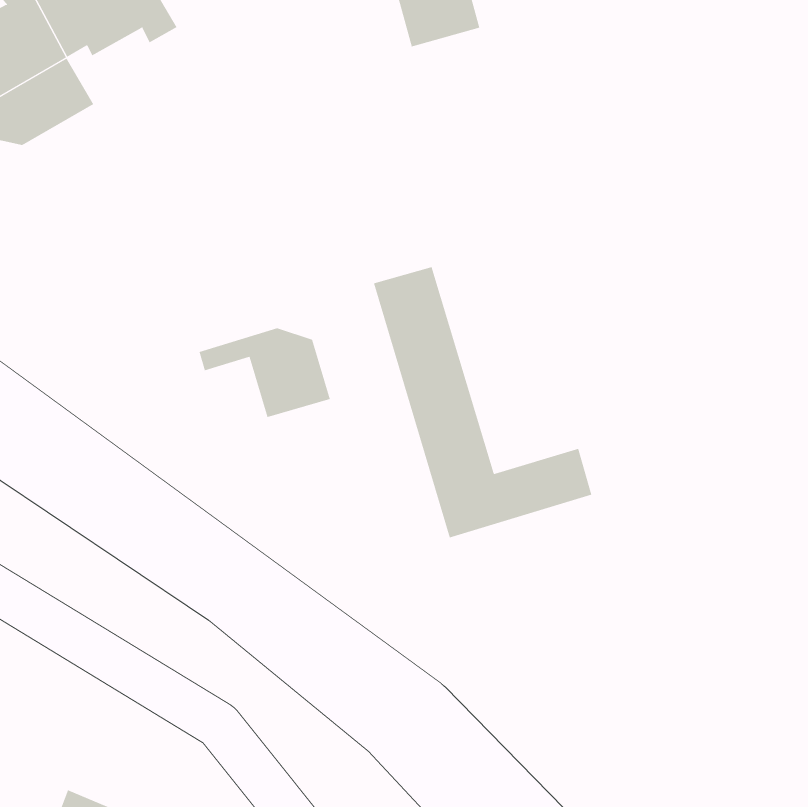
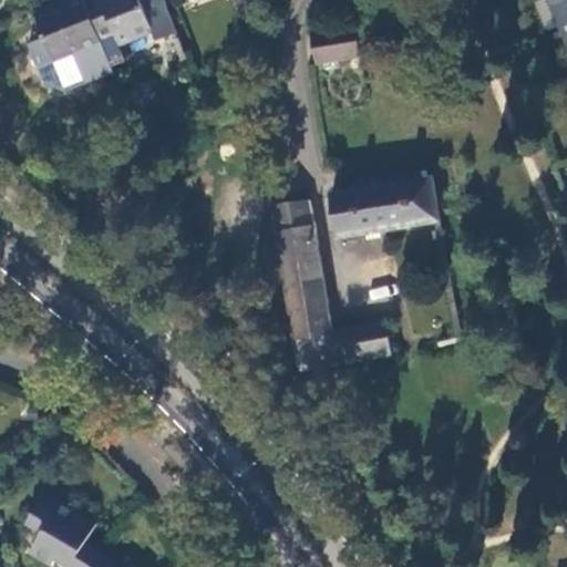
building: none -> [332,178,440,238]
building: [199,327,330,418] -> none

